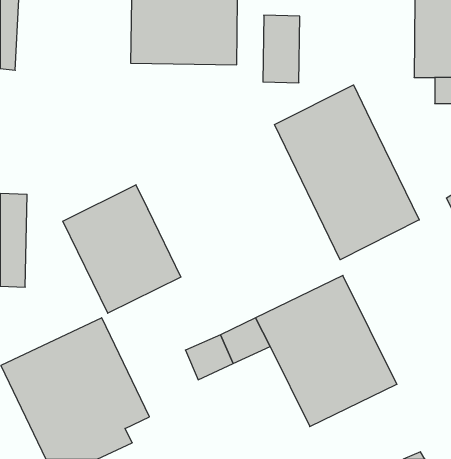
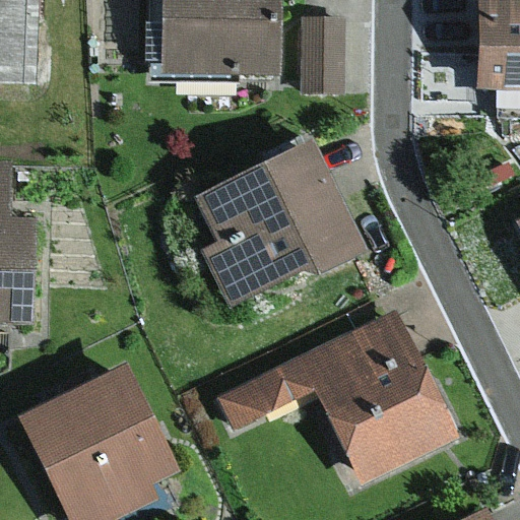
building: [274,85,419,260] -> none
building: none -> [197,143,356,309]
building: [63,185,181,313] -> none

